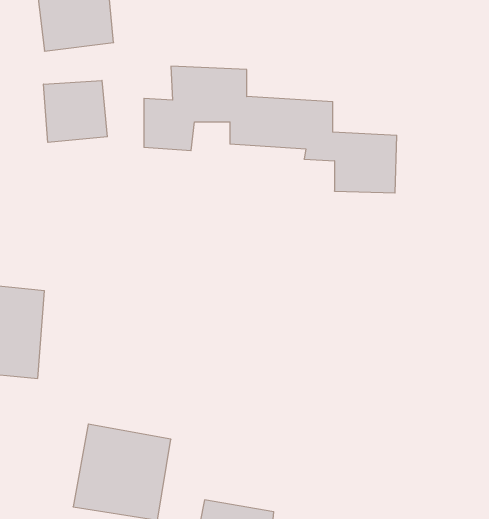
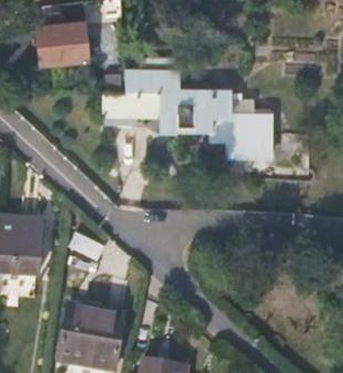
building: [44,80,107,142] -> none

